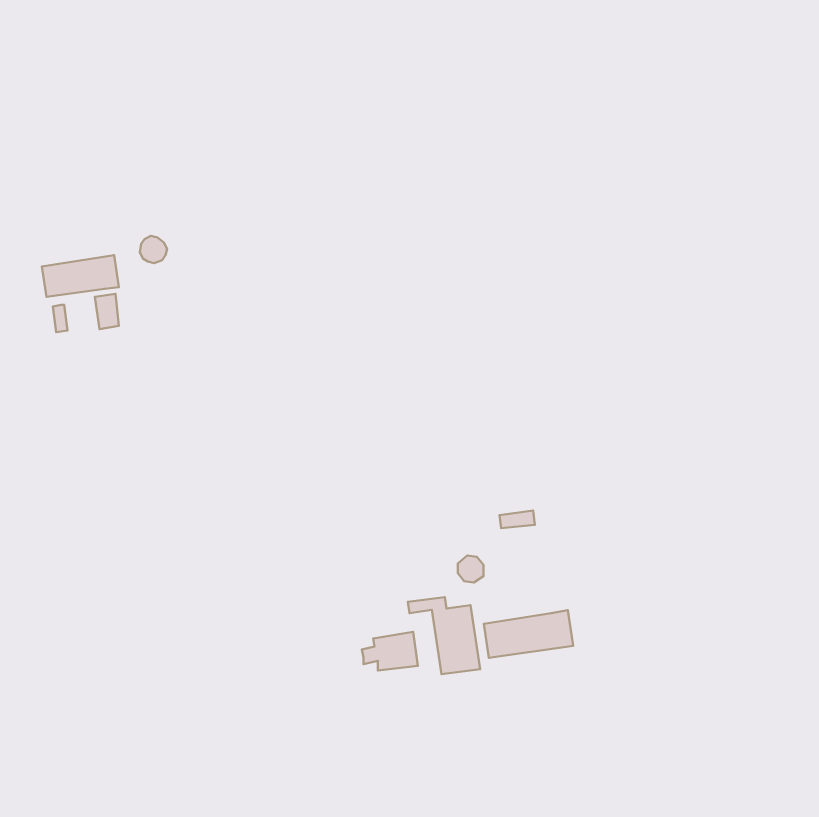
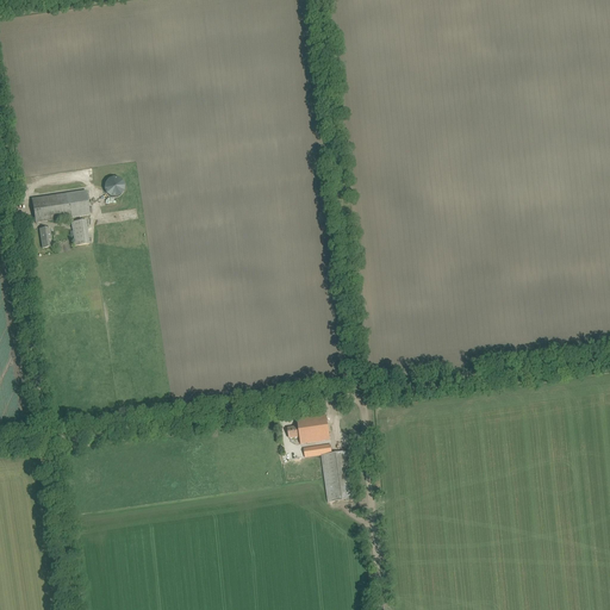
building: [484,610,573,658] -> none
building: [362,632,418,671] -> [287,413,329,442]

